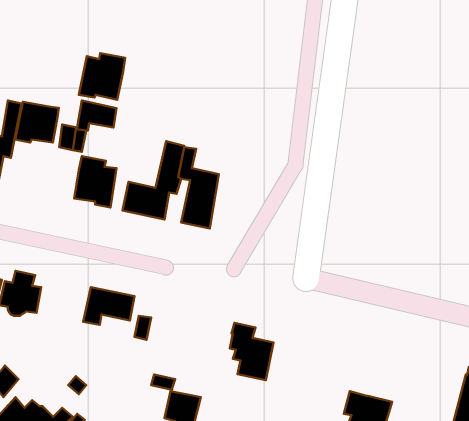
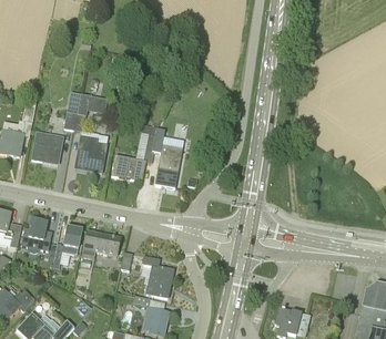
building: [79,53,125,100] -> none
building: [15,102,59,143] -> [31,131,63,161]
building: none -> [52,226,82,268]
building: [230,323,274,380] -> [141,255,173,297]

